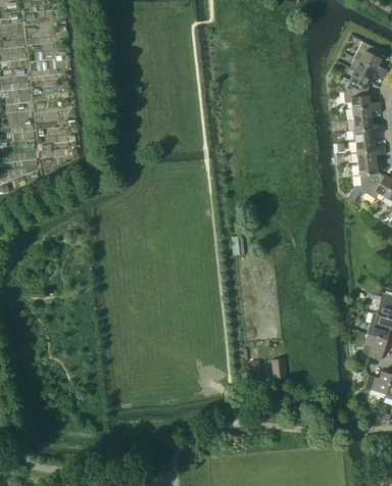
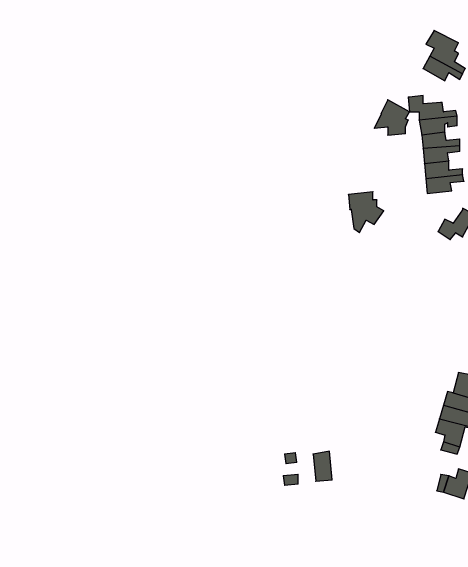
building: [345,71,372,98] -> [374,100,410,135]
building: [358,163,385,194] -> [348,192,384,233]

